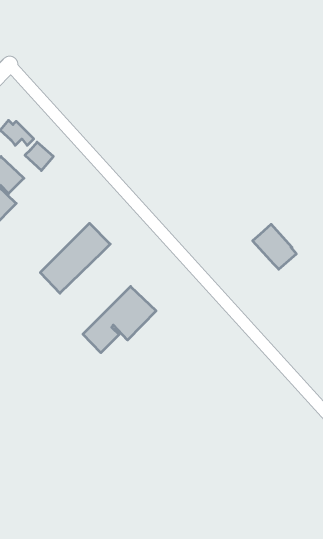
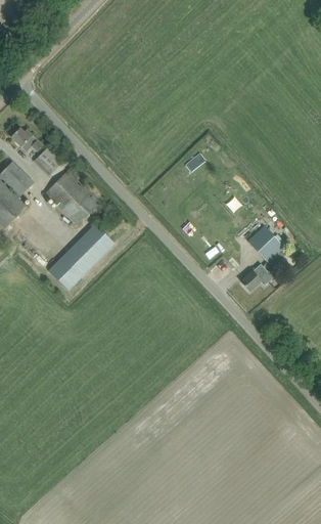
building: none -> [45,171,99,225]
building: none -> [240,264,273,291]
building: [83,286,156,353] -> none

